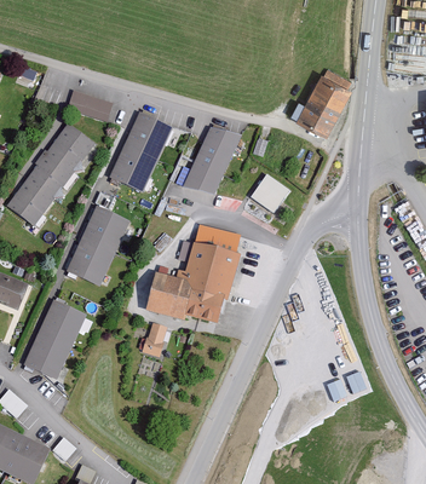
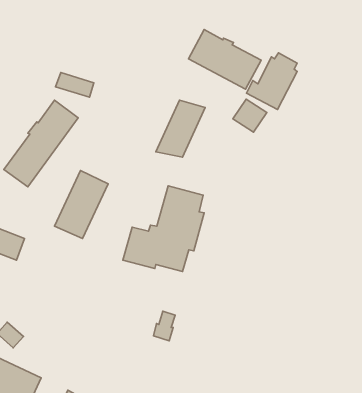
building: none -> [189,30,261,89]
building: [109,113,172,192] -> none
building: [253,169,293,208] -> [233,99,267,132]
building: [23,300,87,381] -> none
building: [142,322,167,357] -> [154,311,175,341]

